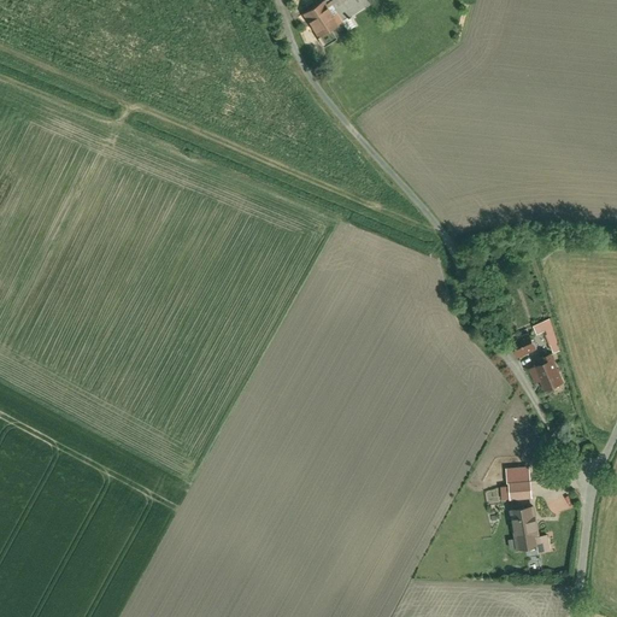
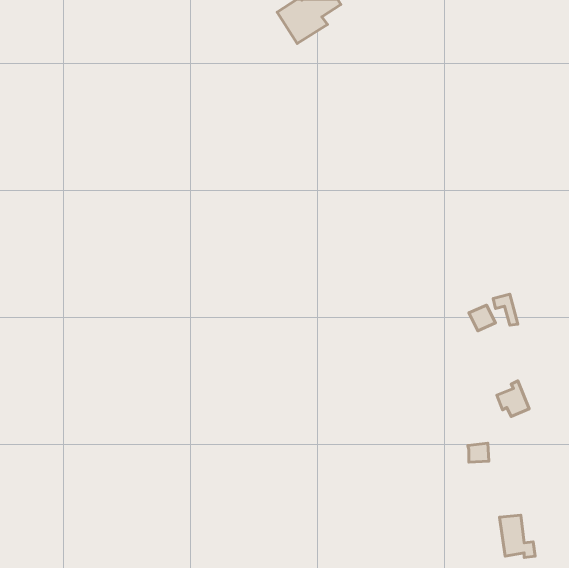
building: [528,353,563,392] -> [497,381,529,416]
building: [510,505,548,551] -> [500,515,535,557]

